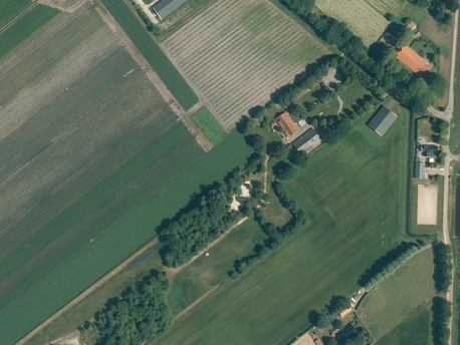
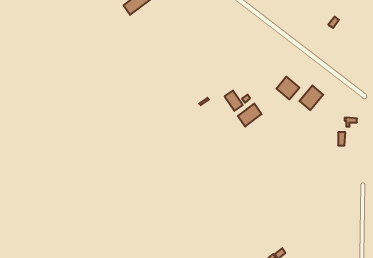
building: [395,44,430,78] -> none
building: none -> [276,77,299,99]

